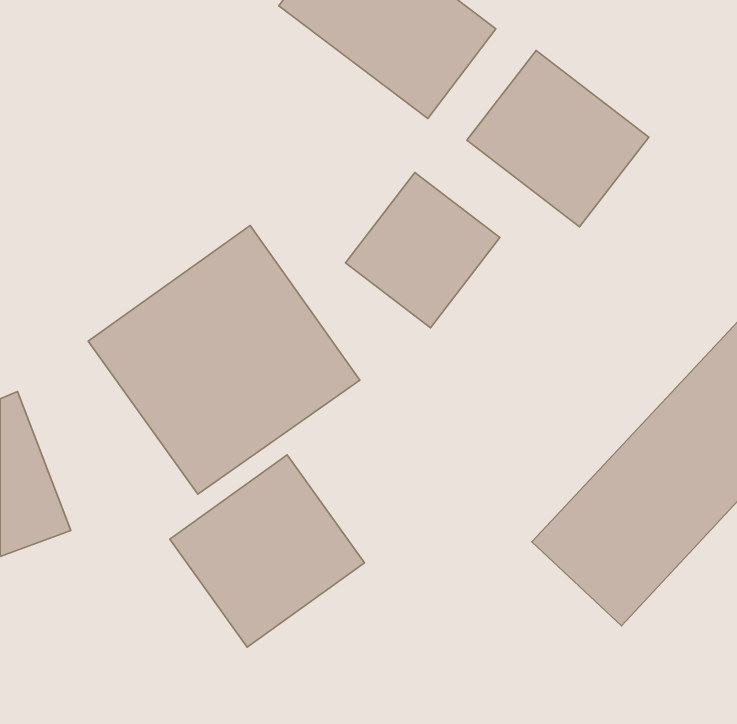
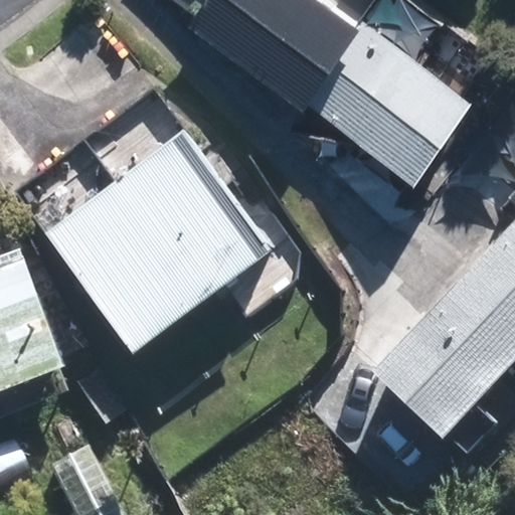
building: [345,173,500,328] -> none
building: [170,455,364,647] -> none

